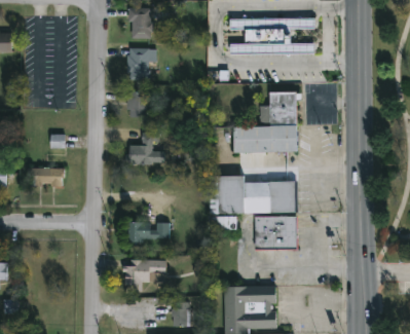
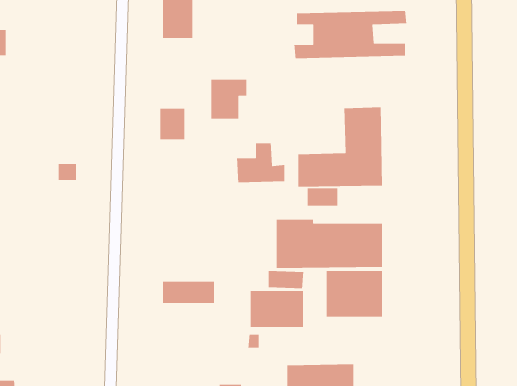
building: [127,49,155,80] -> [211,79,247,120]
building: [127,135,164,165] -> [236,142,285,183]
building: [29,169,63,186] -> none
building: [124,261,165,290] -> [250,290,304,328]

